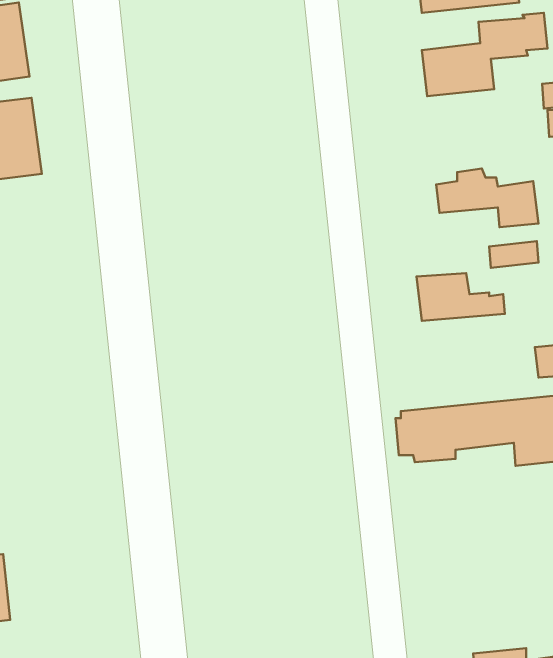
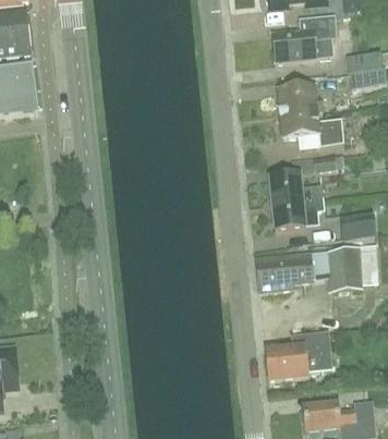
building: none -> [277,84,322,118]
building: none -> [271,197,324,229]
building: none -> [264,330,330,381]

